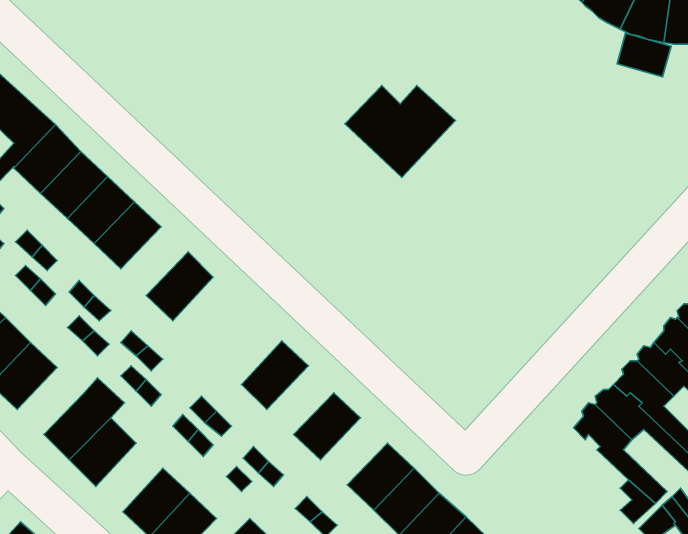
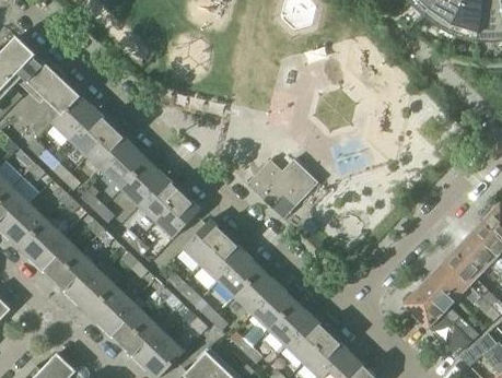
building: [617,33,671,77] -> none
building: [345,85,455,178] -> [246,158,318,218]
building: none -> [121,161,165,205]
building: none -> [155,193,199,238]
building: none -> [183,218,226,263]
building: none -> [217,251,260,296]
building: none -> [54,252,97,296]
building: none -> [252,285,295,329]
building: none -> [405,292,453,331]
building: none -> [105,295,149,346]

